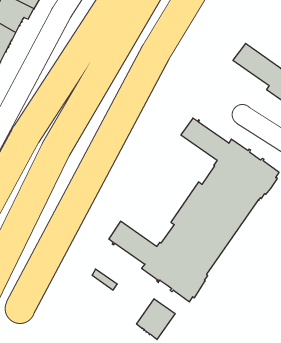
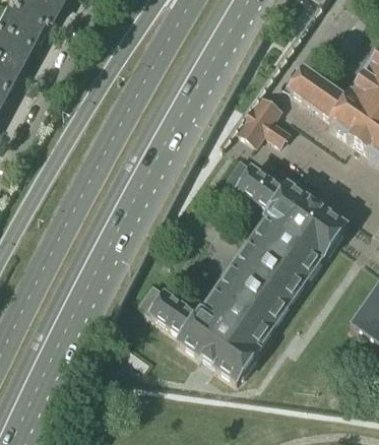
building: none -> [237,92,288,140]
building: [137,299,175,340] -> none

